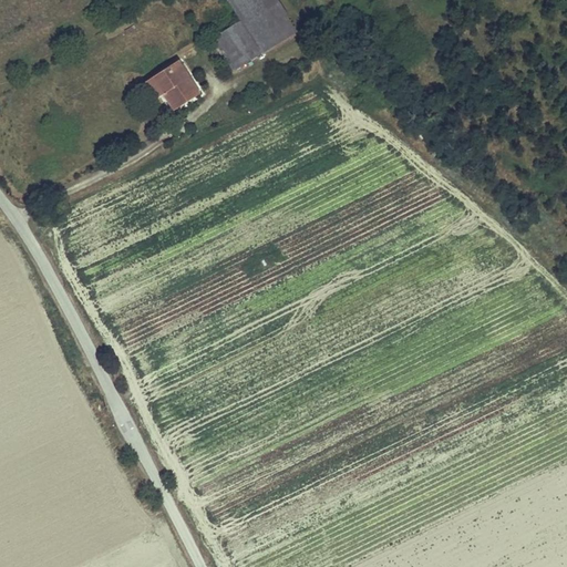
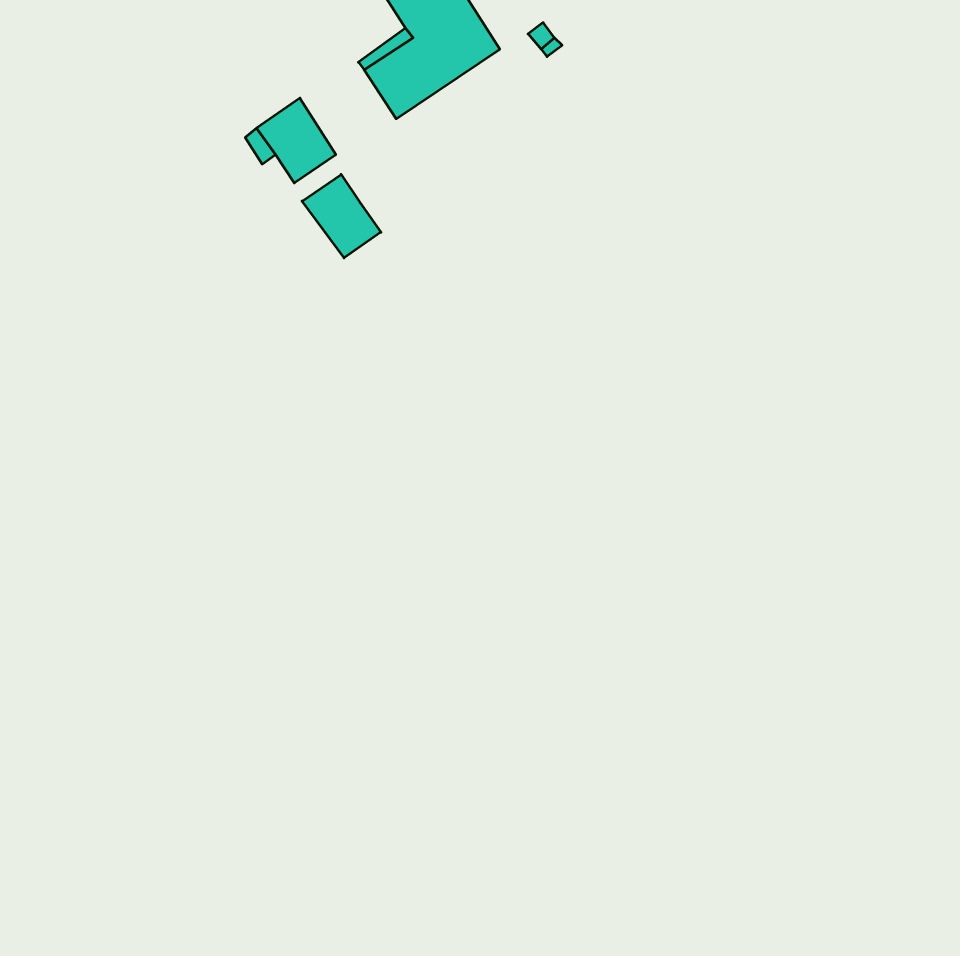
building: none -> [302,174,381,258]

